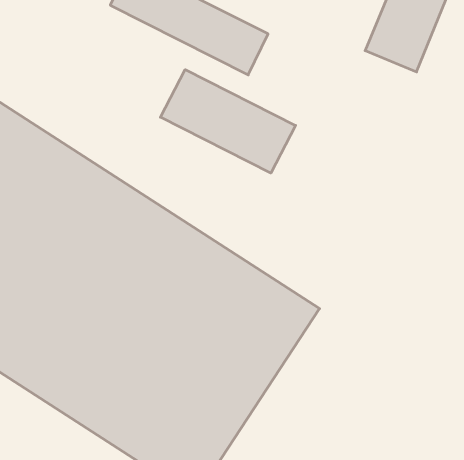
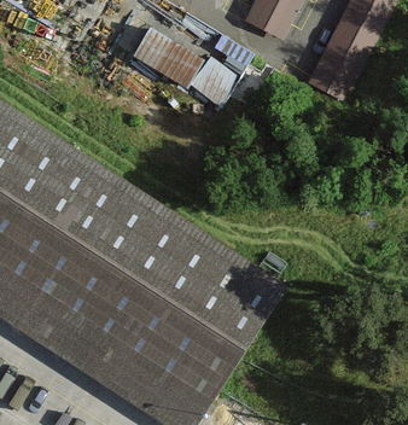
building: [160,70,296,173] -> none

